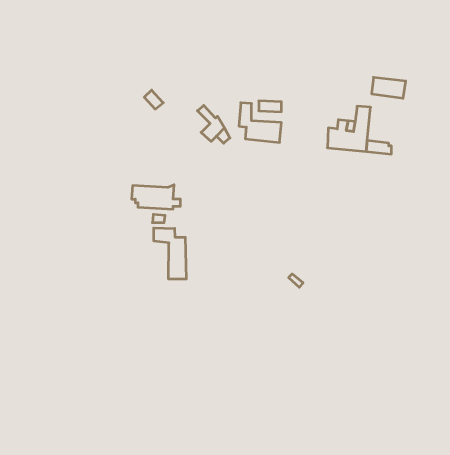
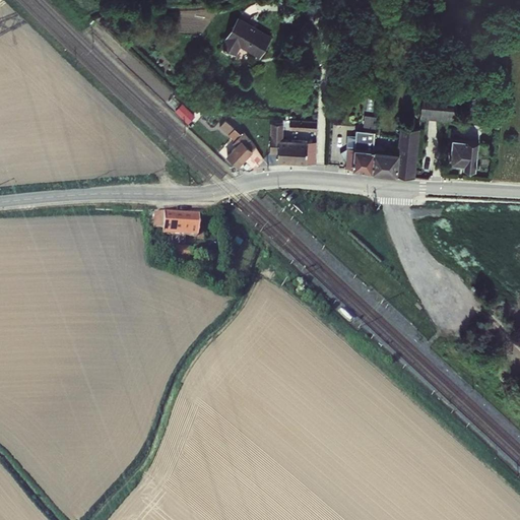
building: none -> [226,13,273,50]
building: none -> [338,117,373,173]
building: none -> [451,139,476,169]
building: [154,228,186,279] -> none

